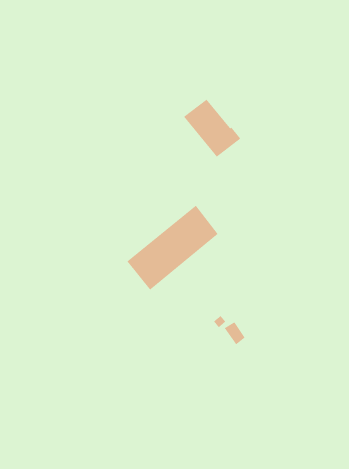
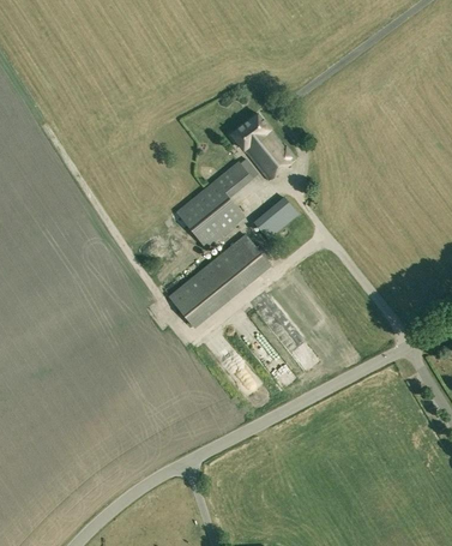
building: none -> [176,161,253,248]
building: none -> [253,197,299,240]

